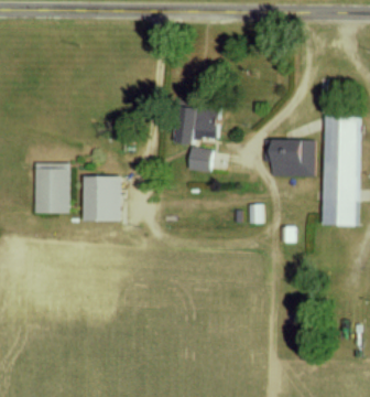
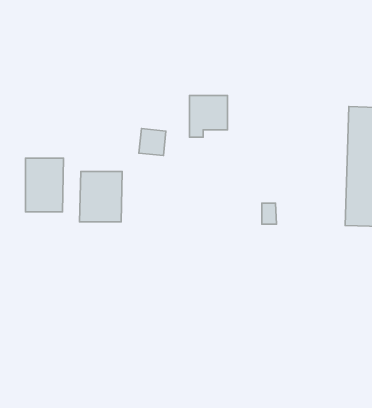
building: [271,139,314,176] -> none
building: [187,148,211,172] -> [139,129,166,155]

